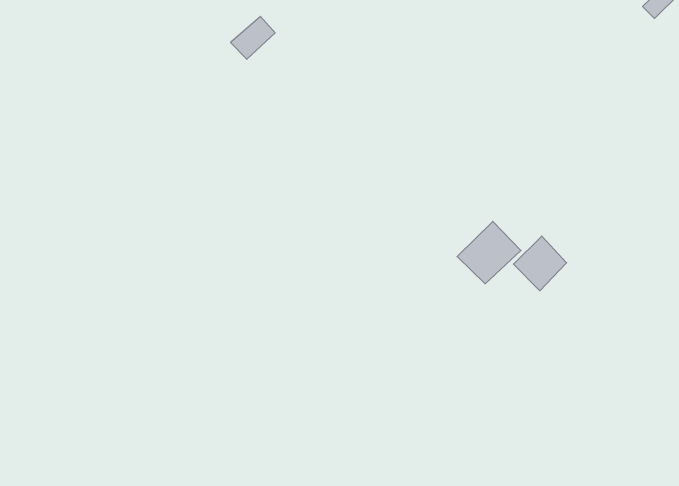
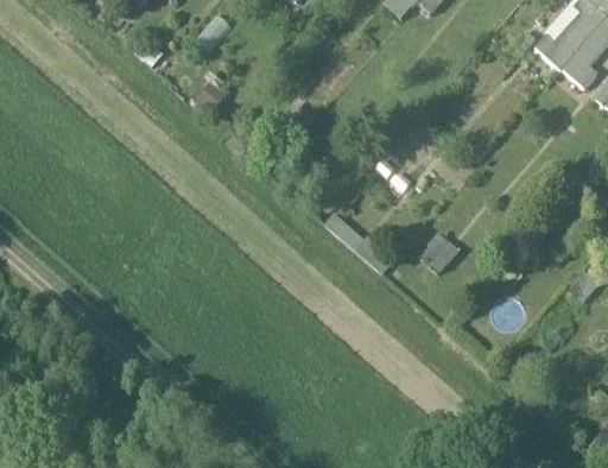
building: [457,221,521,284] -> none

